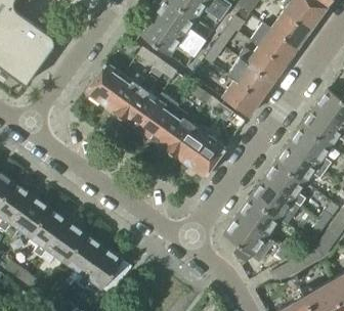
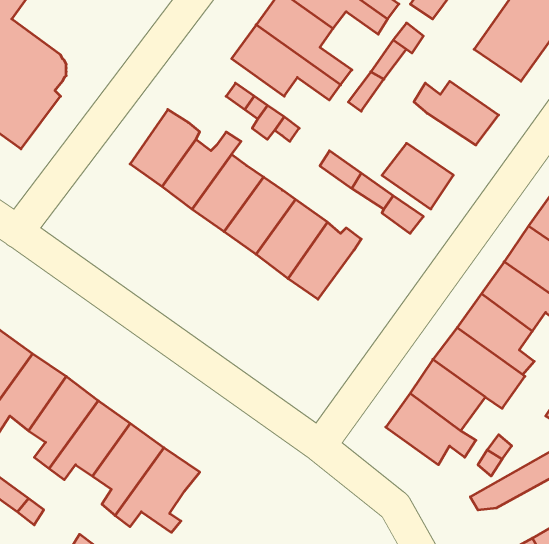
building: [250,23,298,65] -> none
building: [227,58,273,98] -> none
building: [187,139,226,178] -> none

